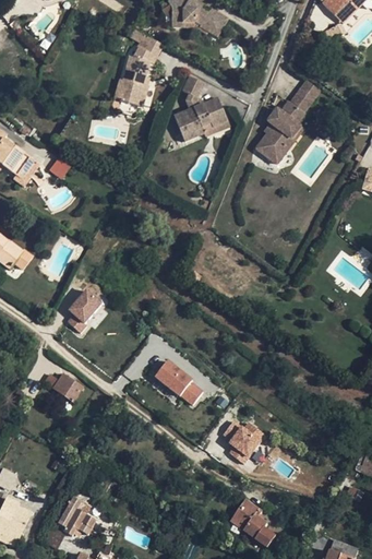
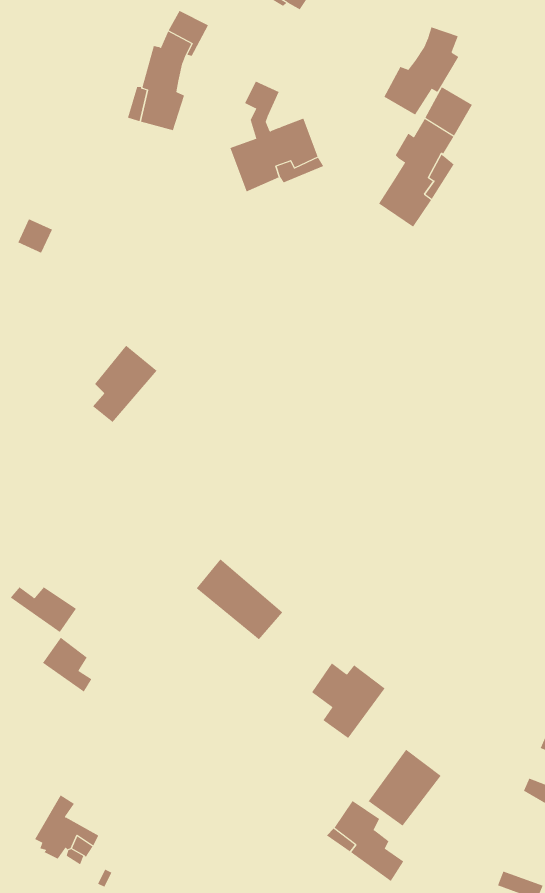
building: none -> [383,27,459,116]
building: [67,285,105,331] -> [92,345,157,423]
building: none -> [42,637,92,692]
building: none -> [368,749,442,826]

